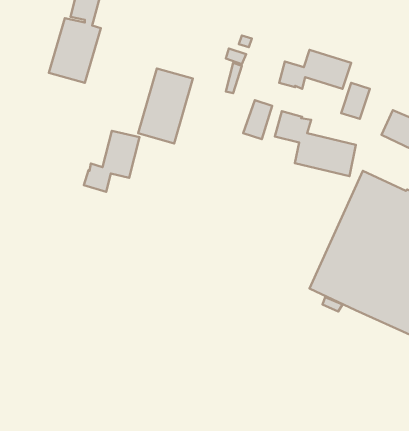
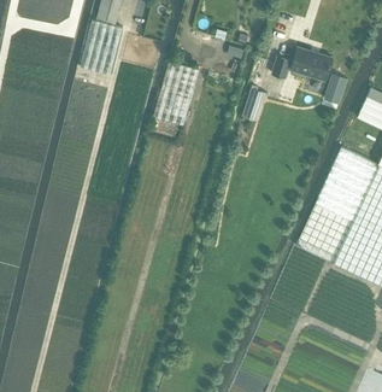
building: [275,111,356,176] -> none
building: [84,131,139,192] -> none

